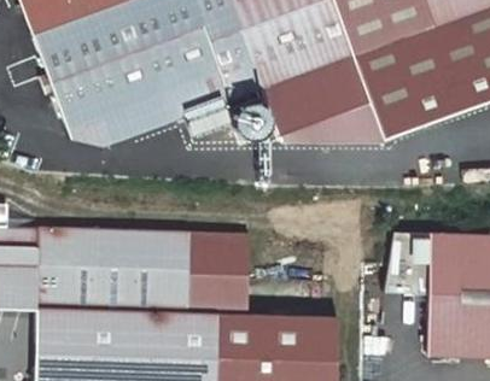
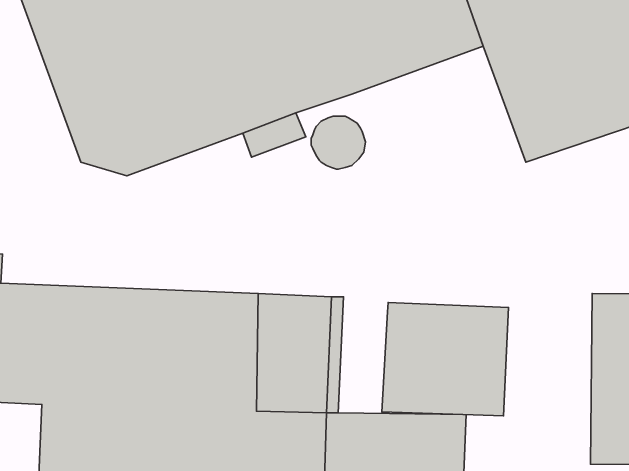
building: [255,57,378,142] -> none
building: none -> [382,303,508,416]

